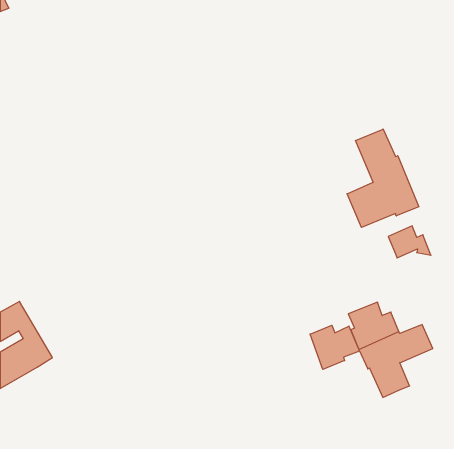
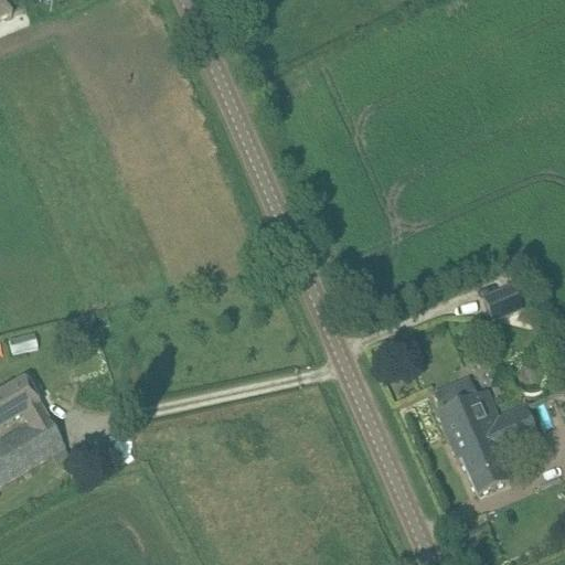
building: [347,129,419,227] -> none
building: [310,325,360,369] -> none

